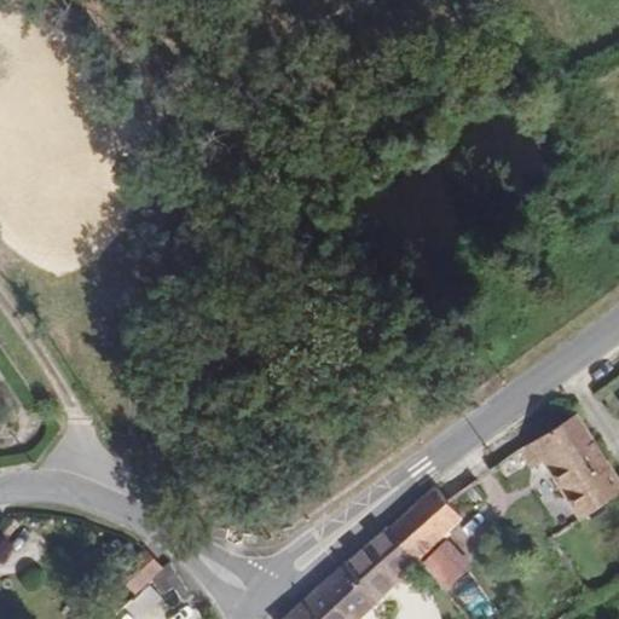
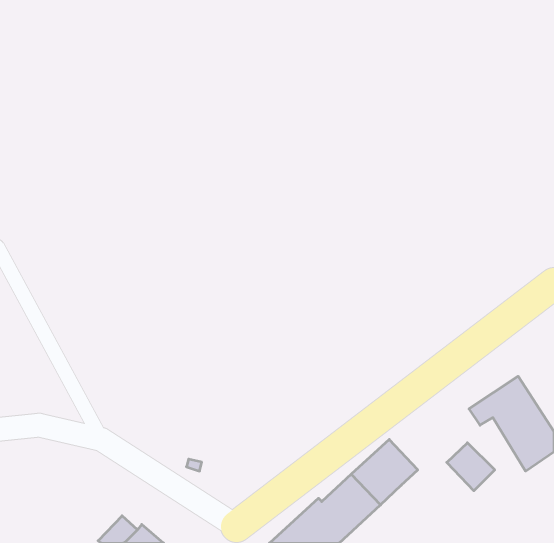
building: [422,538,475,591] -> [447,443,495,491]

